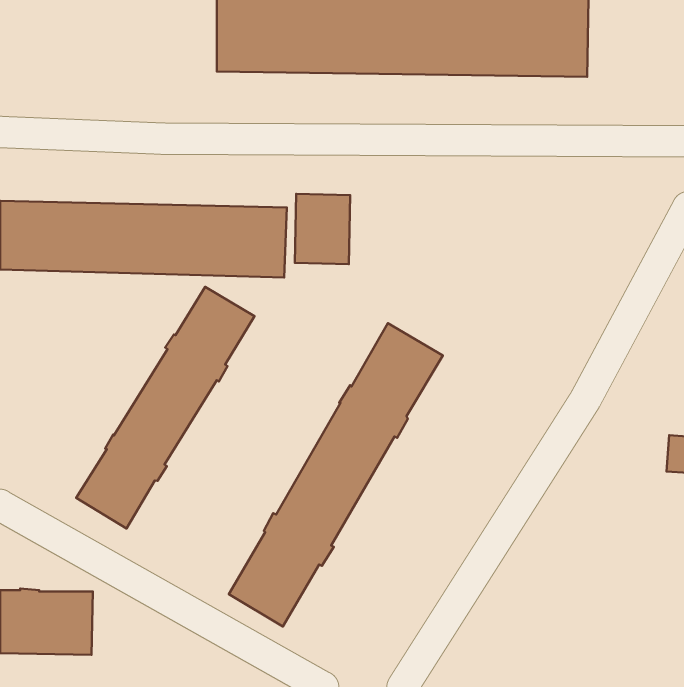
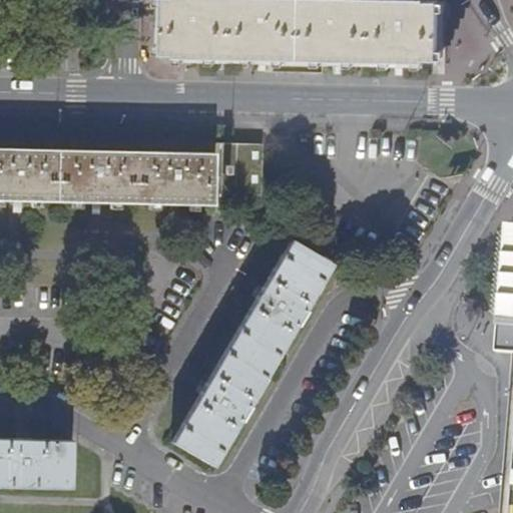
building: [76,287,255,528] -> none

